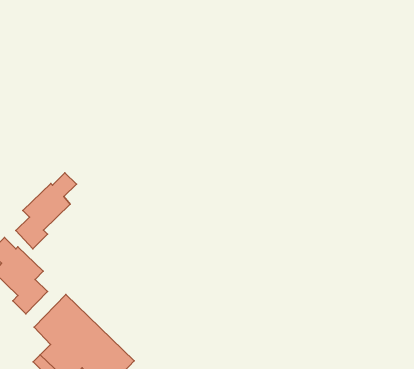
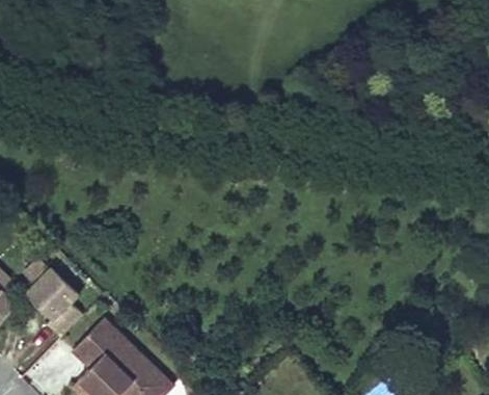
building: [16,173,76,249] -> none

